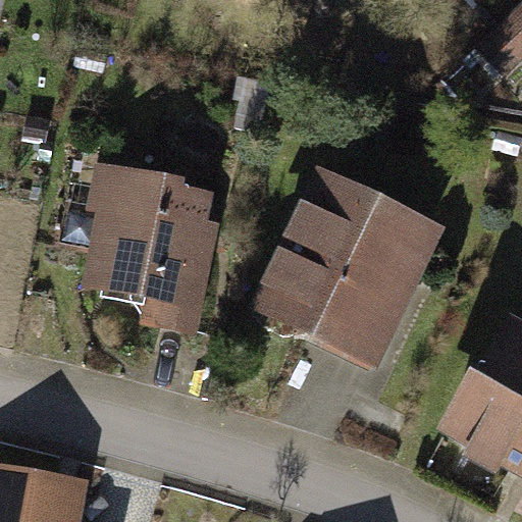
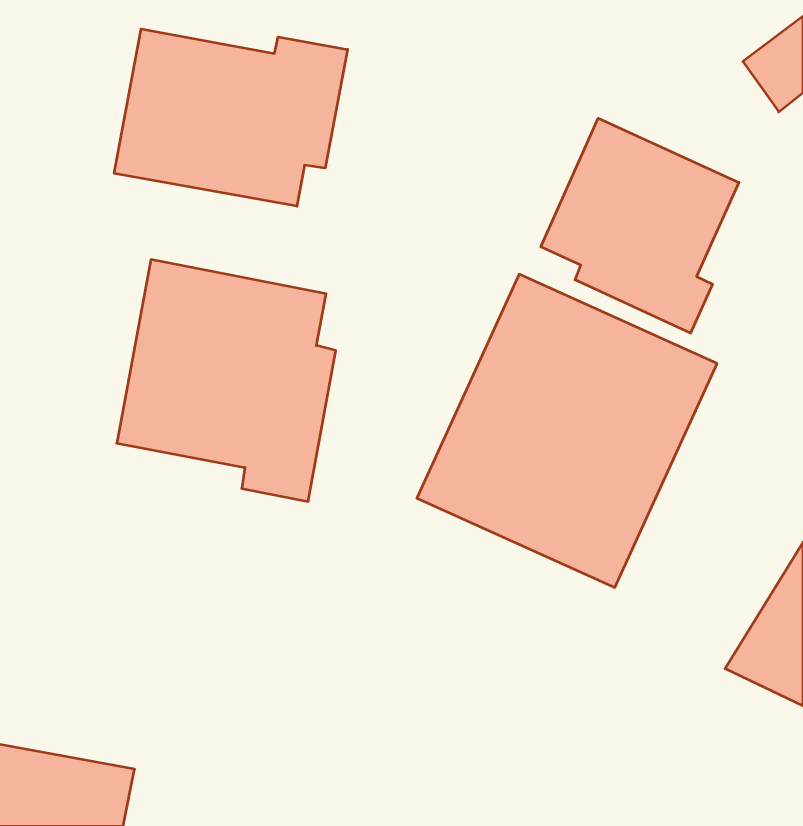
building: none -> [114,29,348,206]
building: none -> [541,118,739,333]

